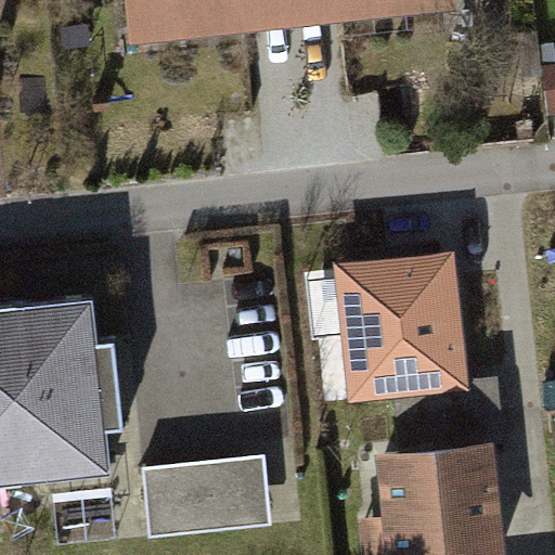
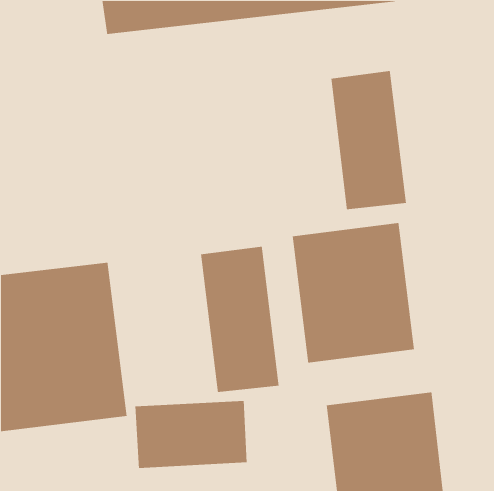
building: none -> [330,70,407,210]
building: none -> [200,246,280,393]

